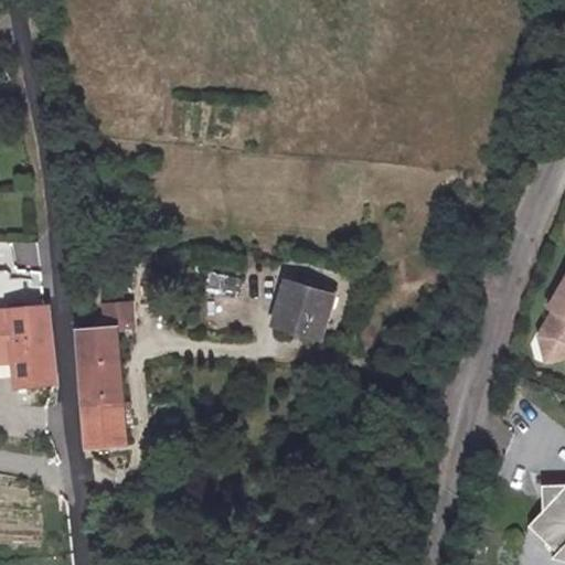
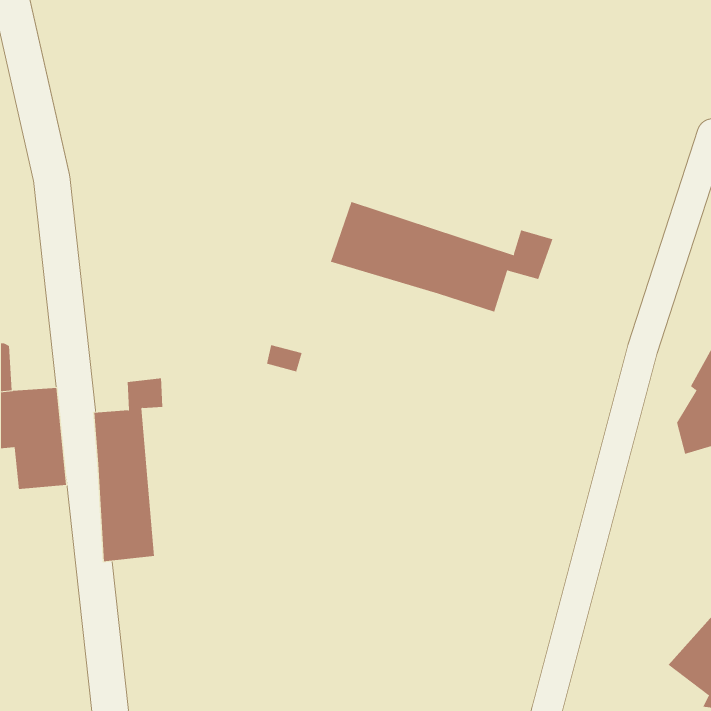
building: none -> [330,201,553,313]
building: [275,280,334,340] -> none

